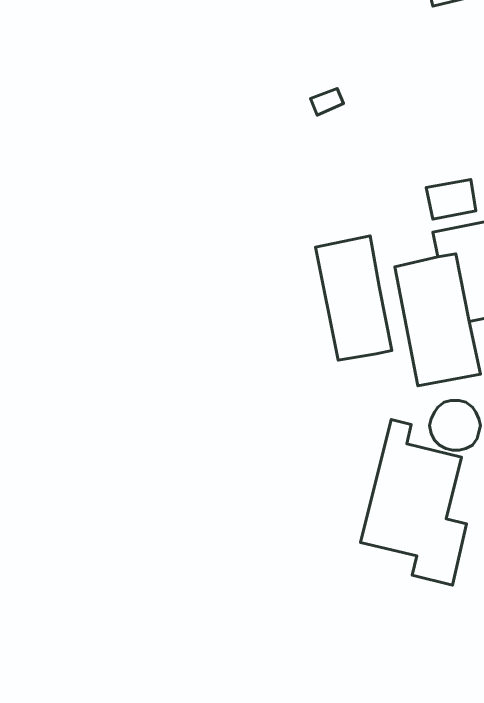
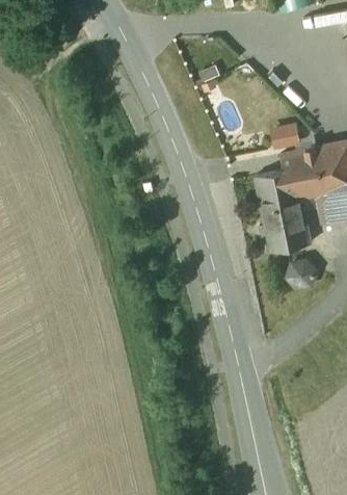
building: [315,236,392,360] -> none
building: [361,420,466,585] -> none

